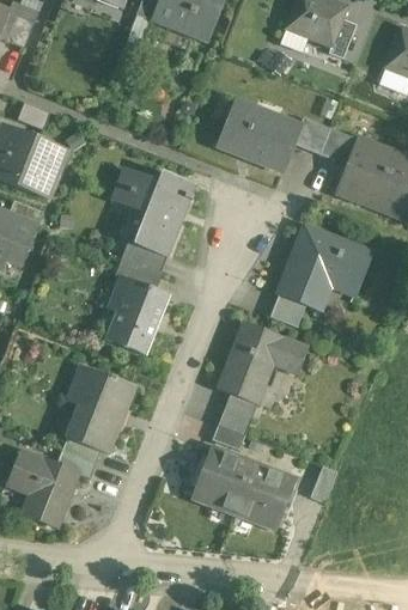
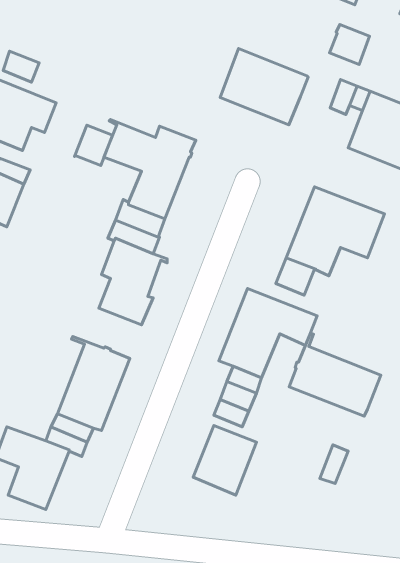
building: [292,116,329,153] -> [330,25,370,65]
building: none -> [74,125,112,165]
building: none -> [289,333,381,416]
building: [232,463,292,527] -> none

